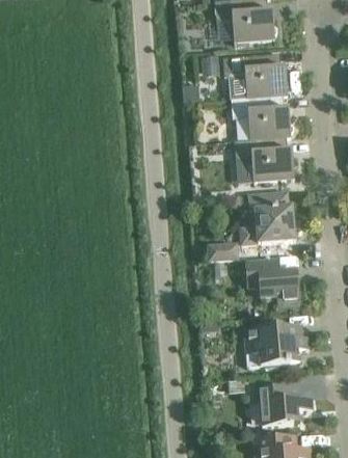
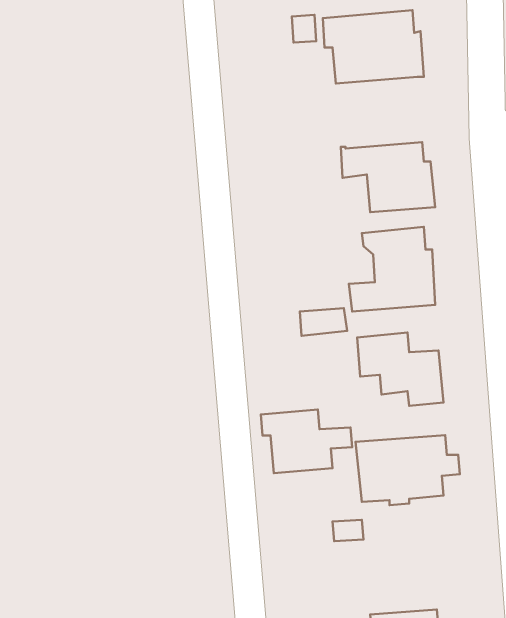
building: [231,95,293,140] -> none
building: [253,384,312,425] -> [261,410,352,473]

